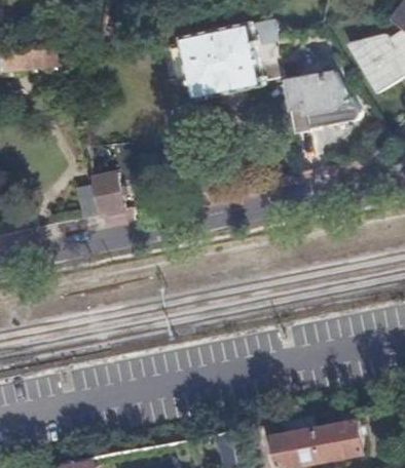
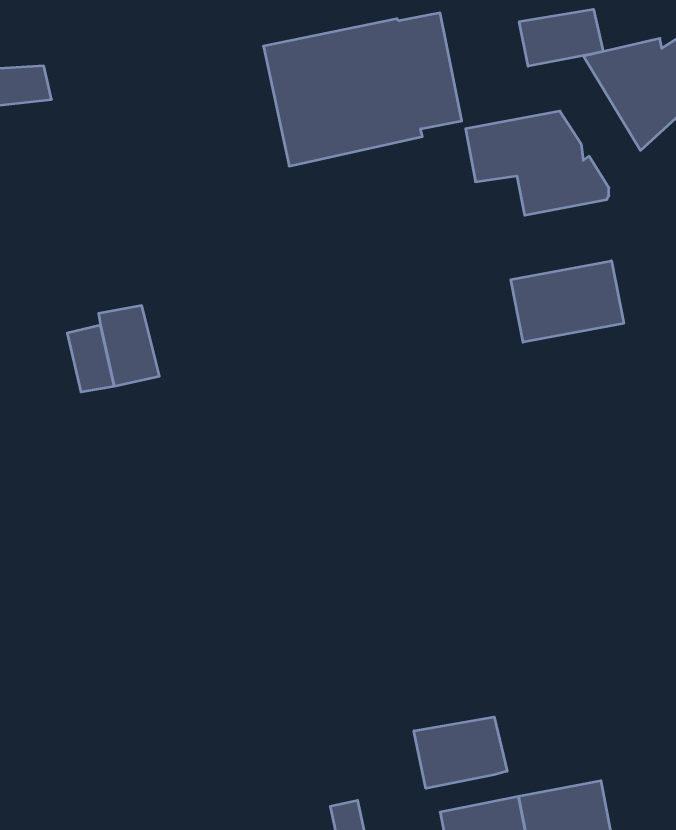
building: none -> [519,9,603,66]
building: none -> [511,261,624,342]
building: none -> [414,717,507,788]

